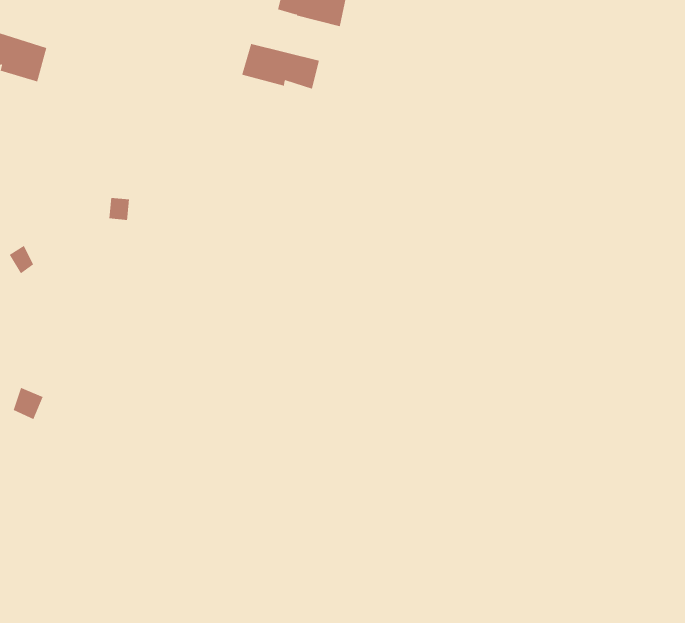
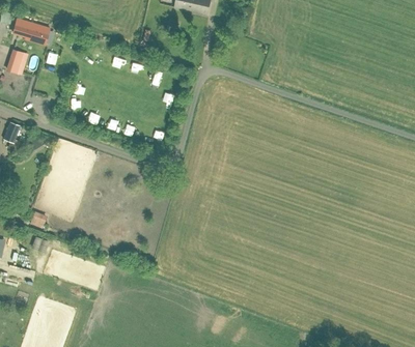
building: [241,43,319,89] -> none

